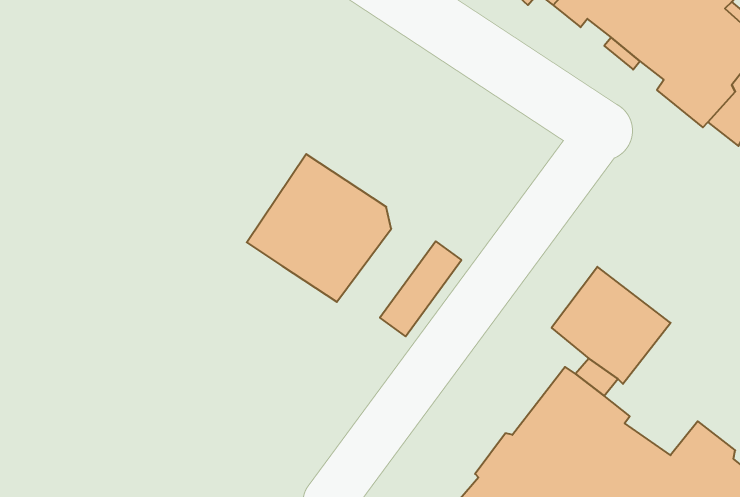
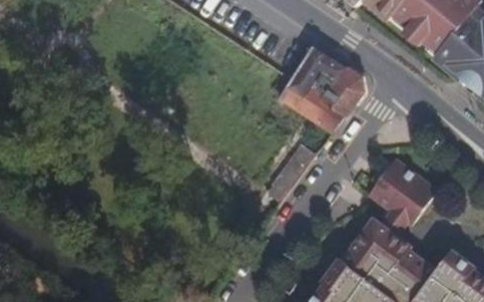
building: [247,154,391,302] -> [279,46,364,133]

